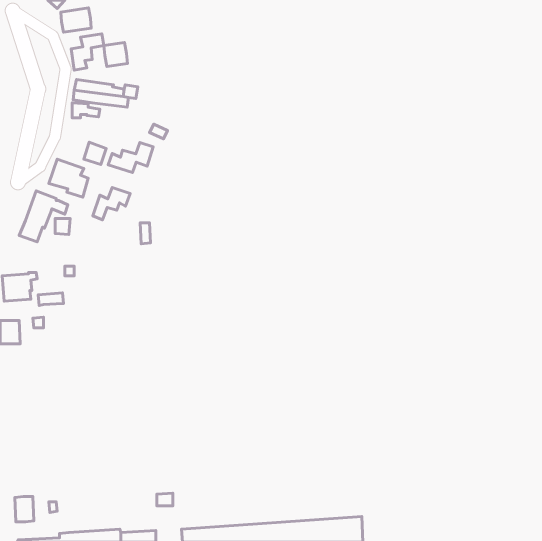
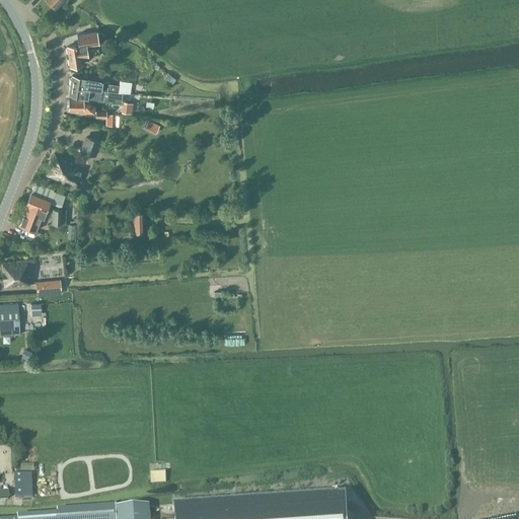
building: [61,8,91,32] -> none
building: [104,43,127,67] -> none
building: [108,142,153,173] -> none
building: [93,187,130,220] -> none

